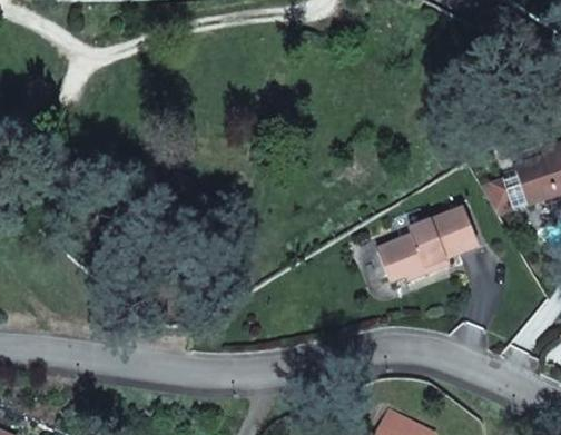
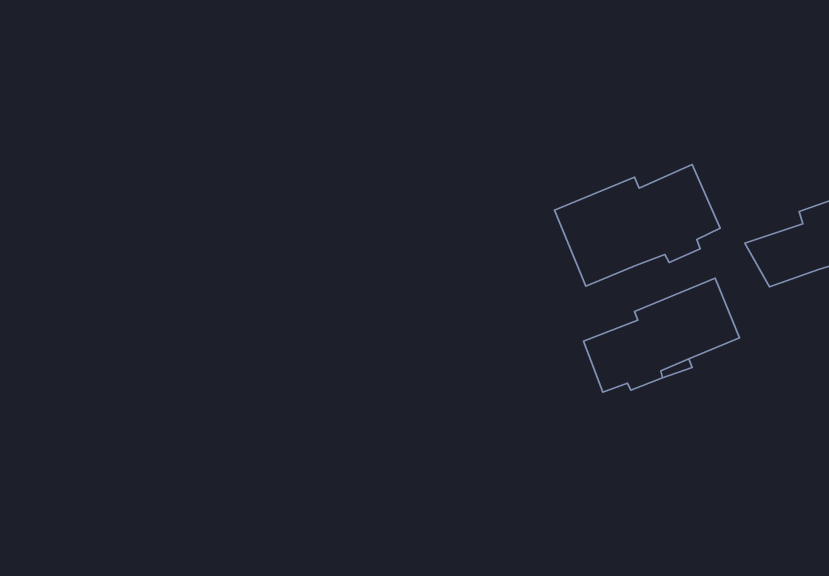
building: none -> [554,165,720,286]

